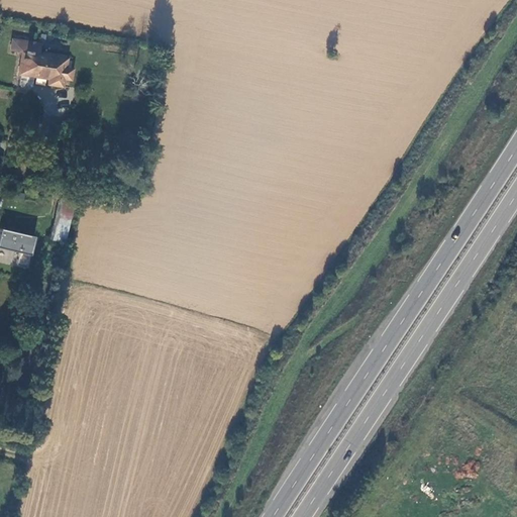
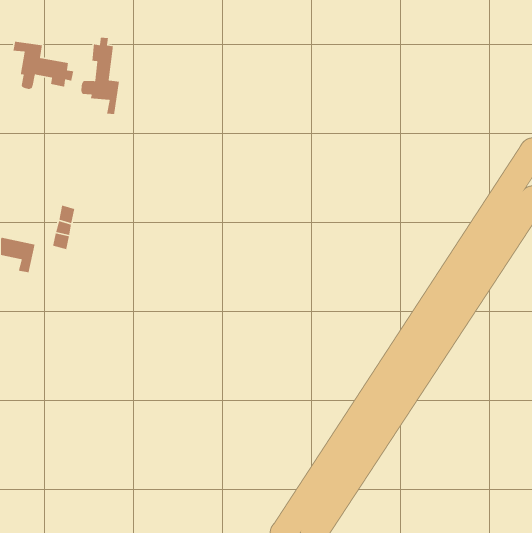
building: none -> [81,37,120,115]

